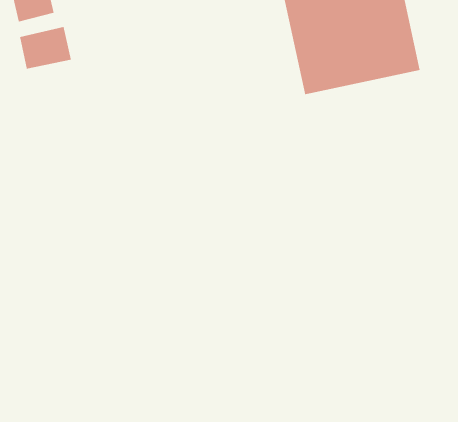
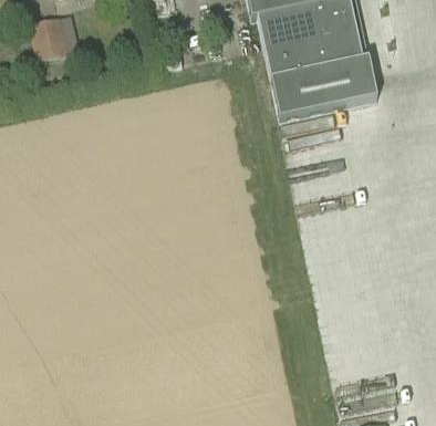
building: [19,26,72,69] -> none

